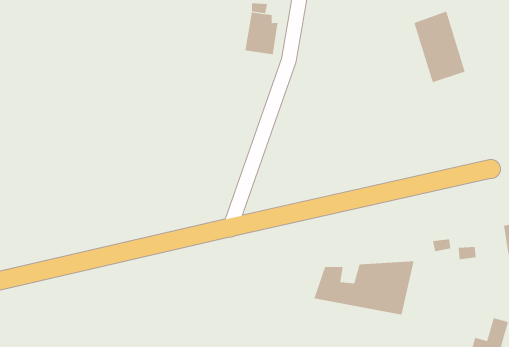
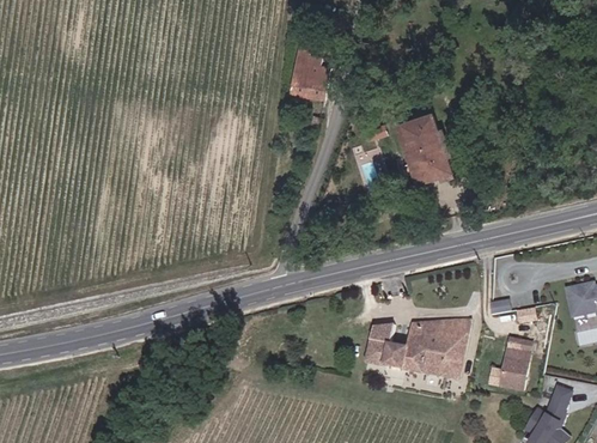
building: [413,11,466,83] -> [400,108,456,186]
building: none -> [499,342,530,393]

